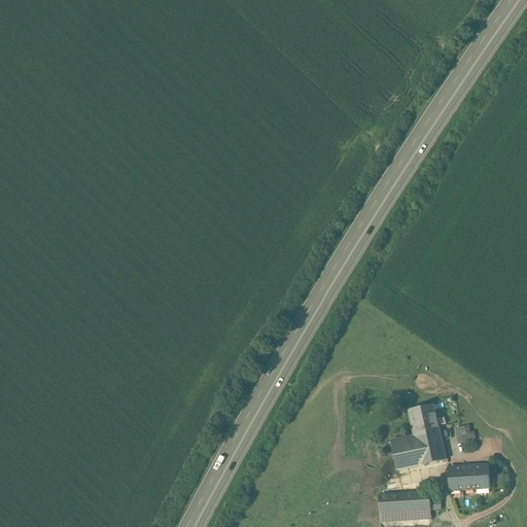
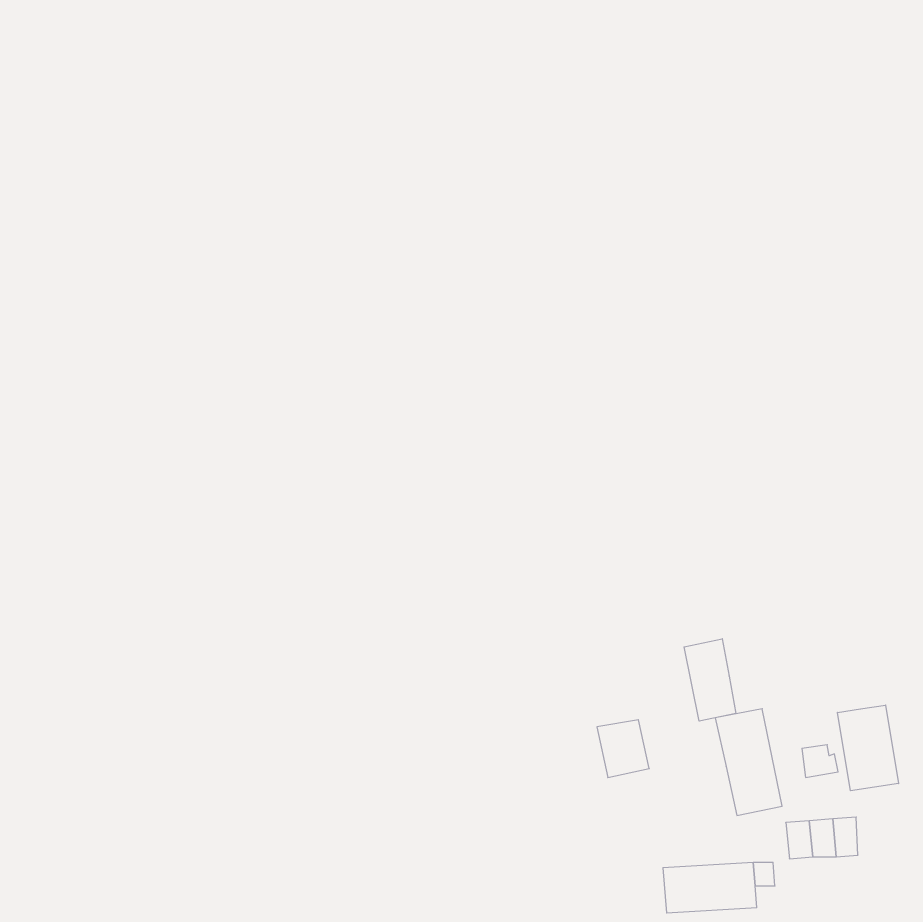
building: none -> [684,639,736,721]
building: none -> [837,705,899,791]
building: [390,436,420,469] -> [597,720,649,778]

